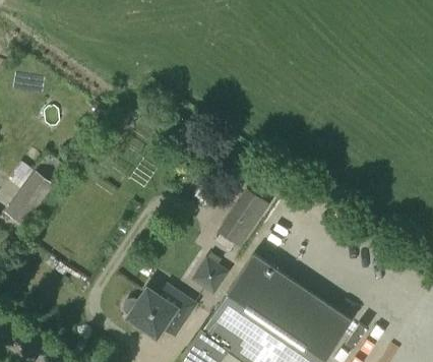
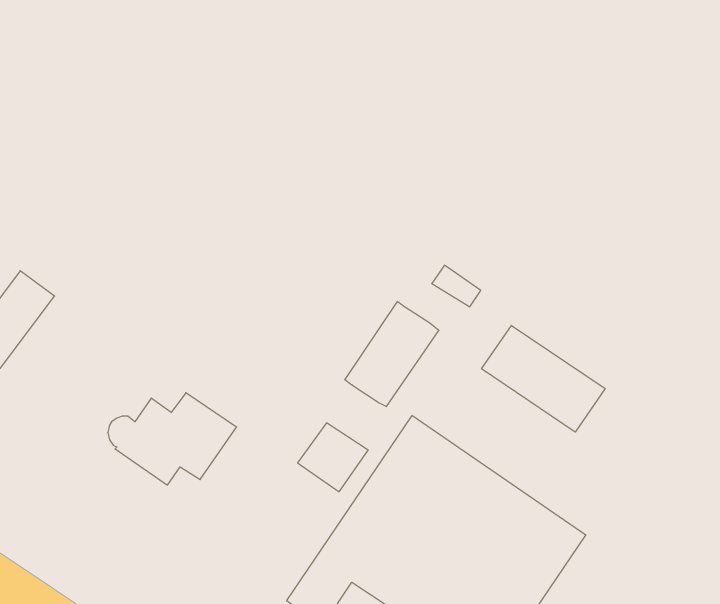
building: none -> [482,325,605,432]
building: [123,285,195,337] -> [108,393,237,485]

